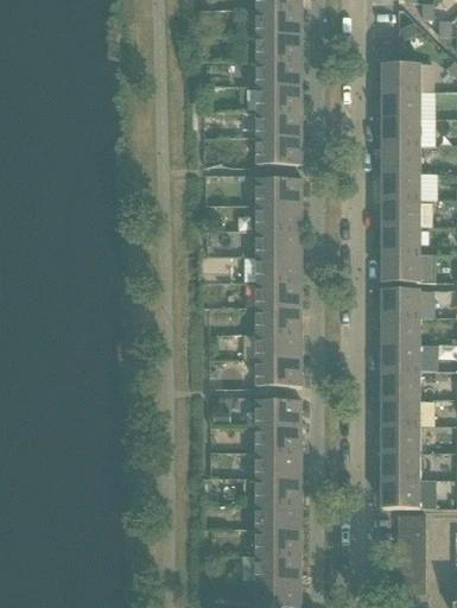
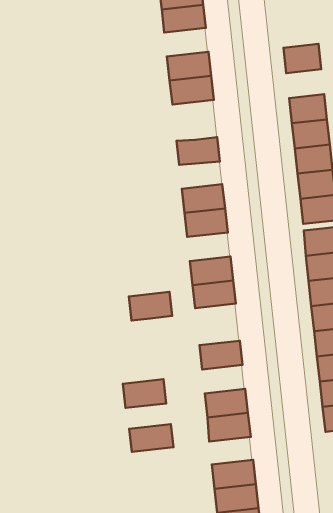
building: [256,59,302,86] -> none
building: [382,63,420,90] -> none
building: [382,118,420,145] -> none
building: [256,138,302,164] -> none
building: [256,203,300,229] -> none
building: [256,281,300,308] -> none
building: [256,359,300,385] -> [129,292,172,320]
building: [256,425,300,451] -> [123,379,166,408]
building: [255,504,300,528] -> [129,424,173,452]

